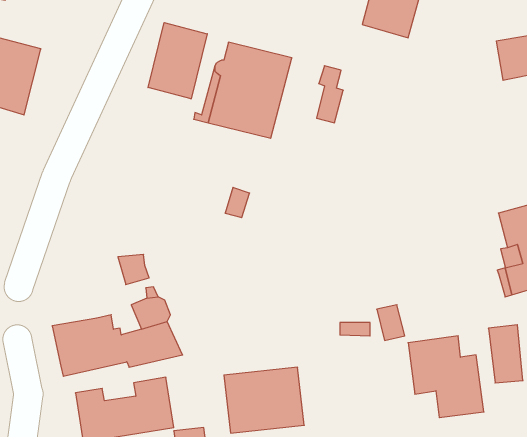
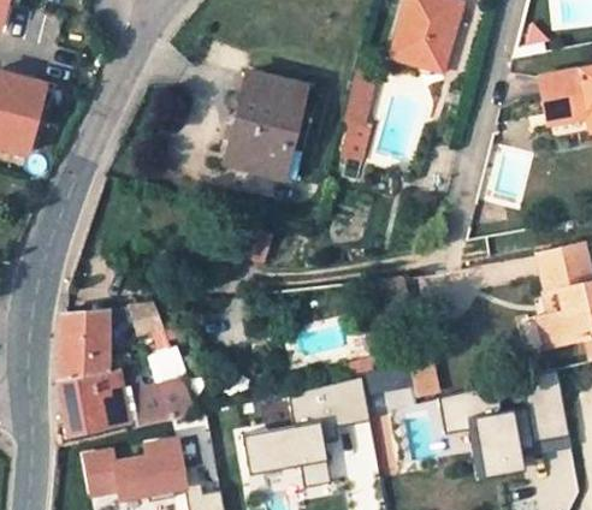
building: [148,23,207,99] -> none
building: none -> [58,312,107,380]
building: none -> [291,384,368,425]

